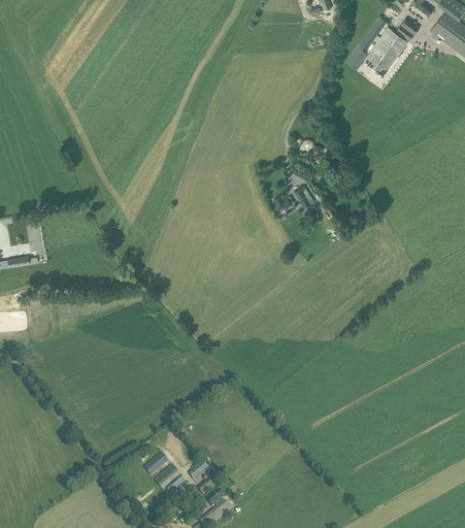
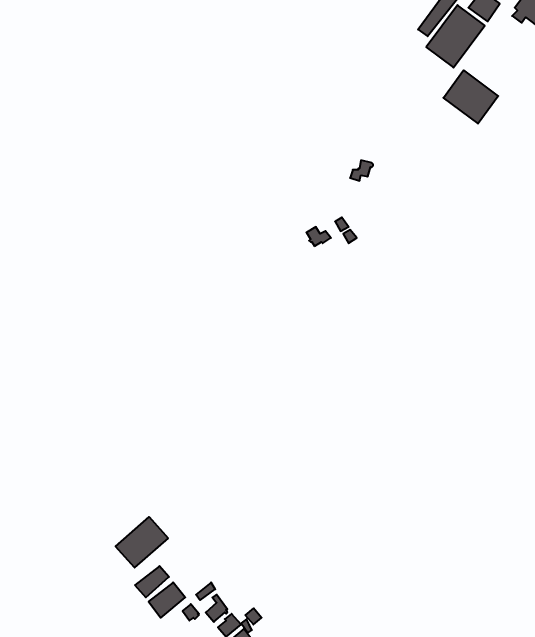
building: none -> [443,70,498,124]
building: none -> [116,517,168,568]

